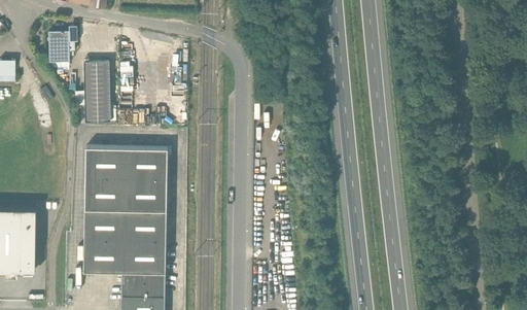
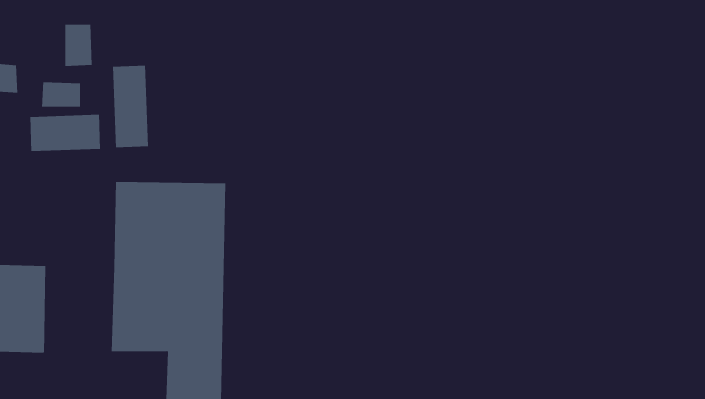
building: none -> [42,82,80,108]
building: none -> [30,114,101,152]

